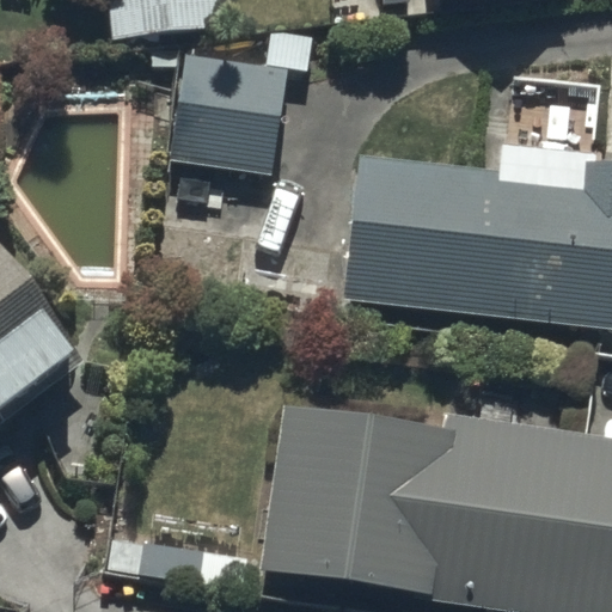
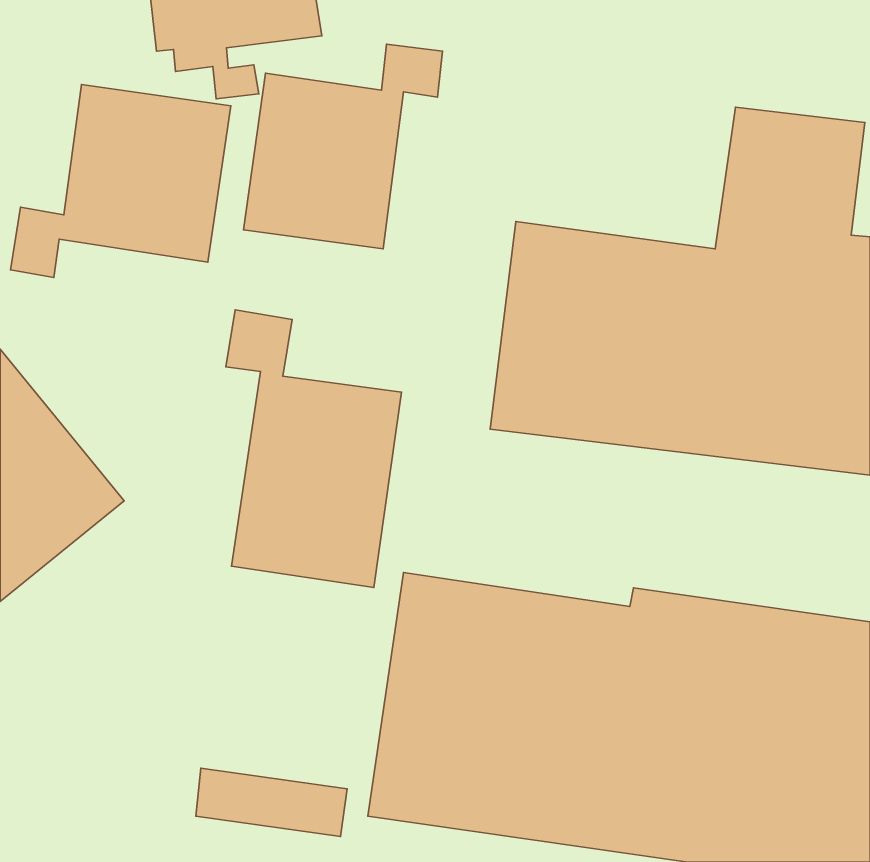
building: none -> [10,85,231,278]
building: none -> [226,310,401,588]

